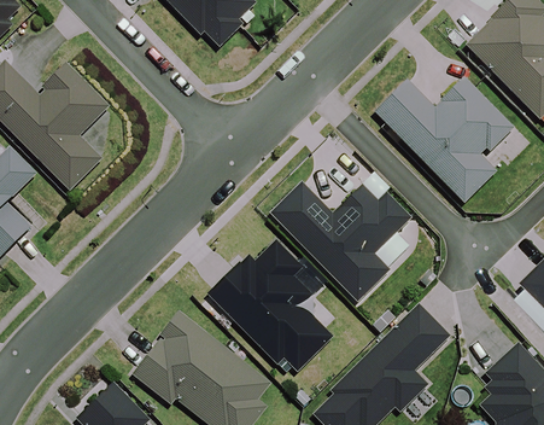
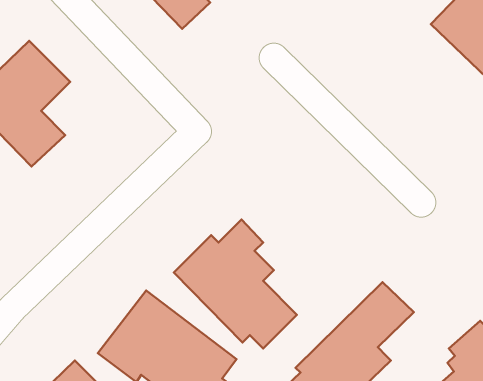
building: [378,77,511,202] -> none
building: [271,179,409,303] -> none

